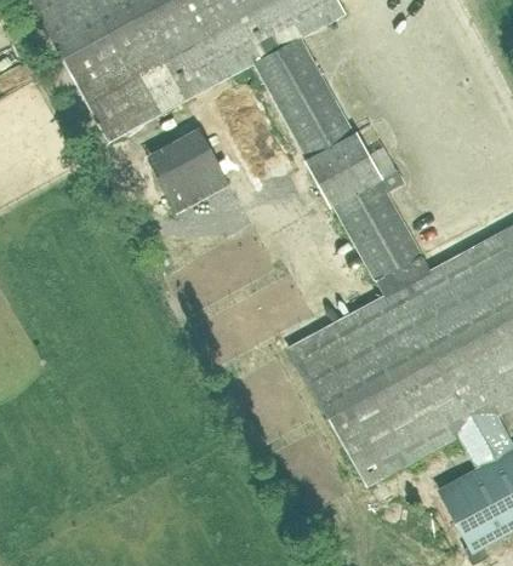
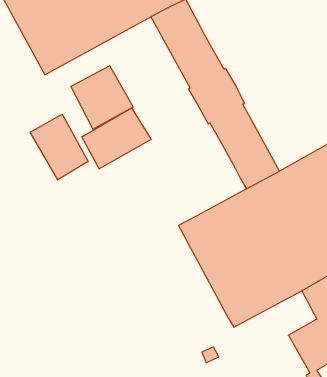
building: none -> [82,108,151,169]
building: none -> [30,114,88,180]

